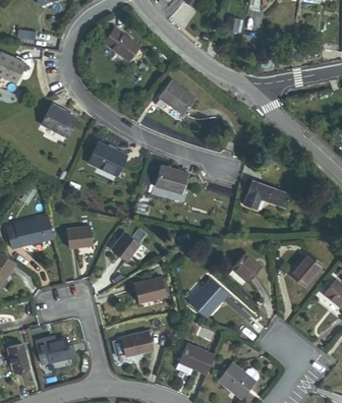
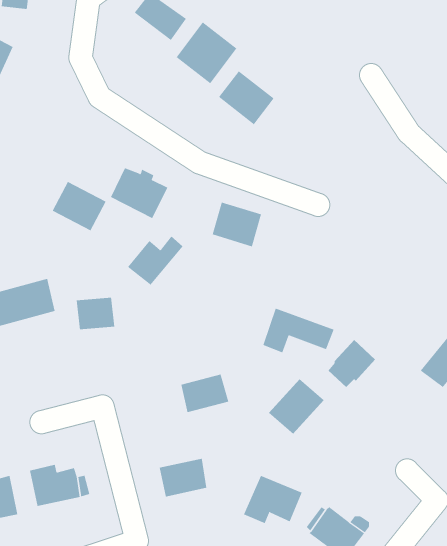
building: none -> [176,21,237,84]
building: [41,105,76,137] -> [52,181,106,231]
building: [243,180,290,210] -> [263,308,334,353]
building: [111,229,148,262] -> [127,236,184,286]

